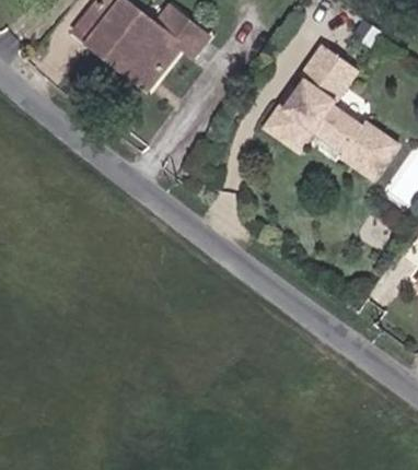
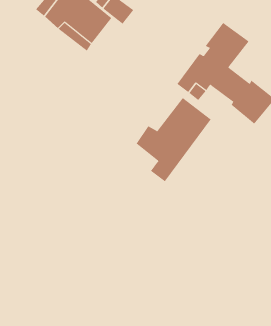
building: none -> [136,97,211,182]

